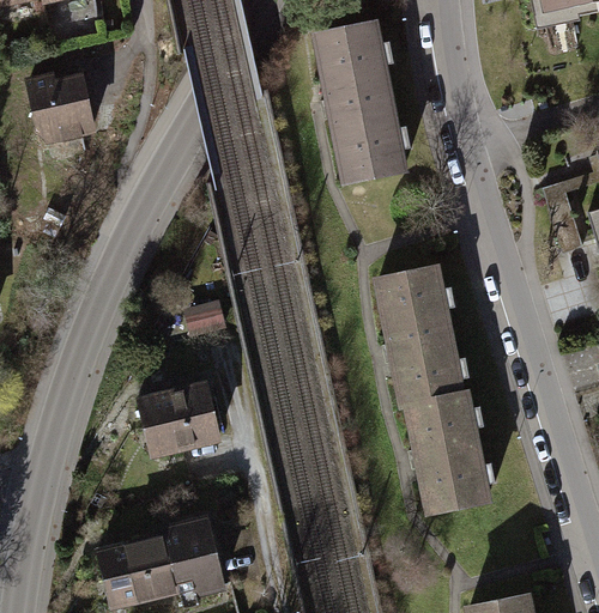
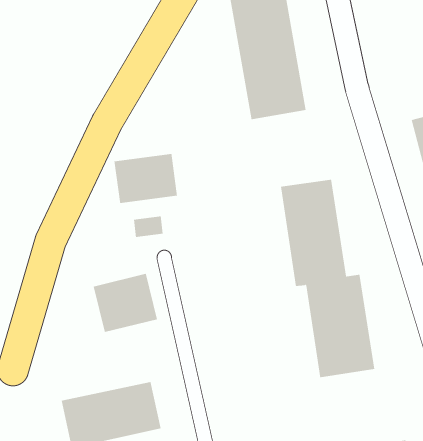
building: [28,72,95,146] -> none
building: none -> [114,153,178,204]

